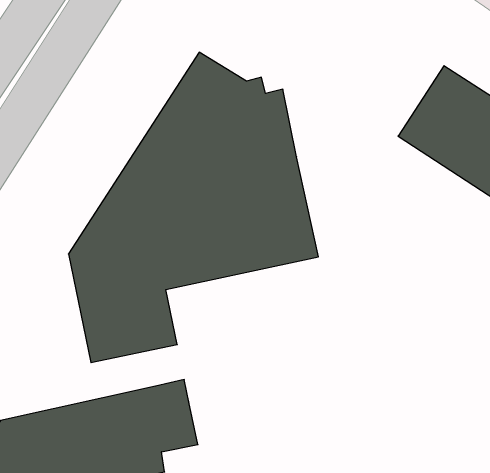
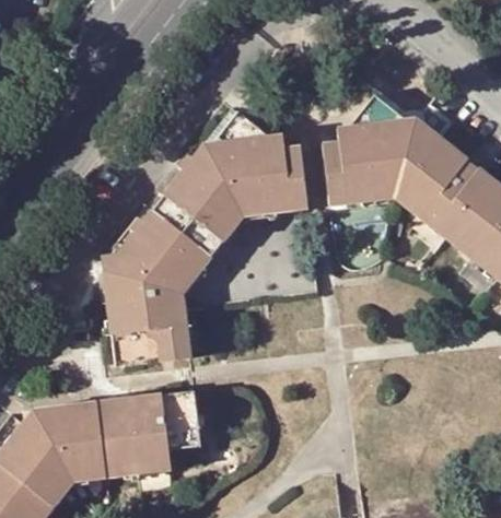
building: none -> [322,91,440,204]

